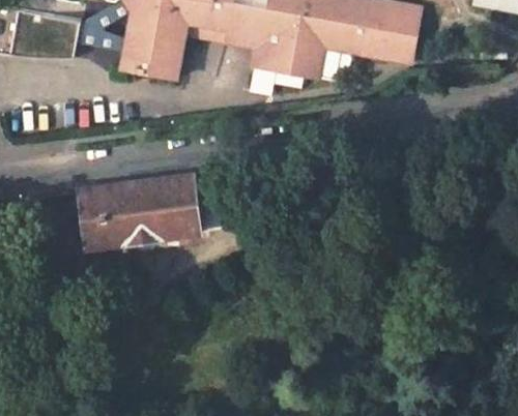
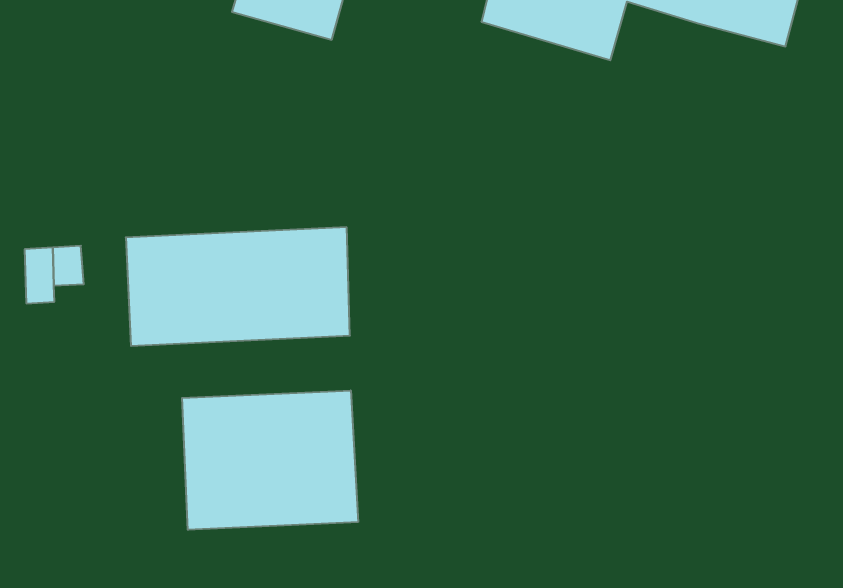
building: none -> [182,390,358,530]

